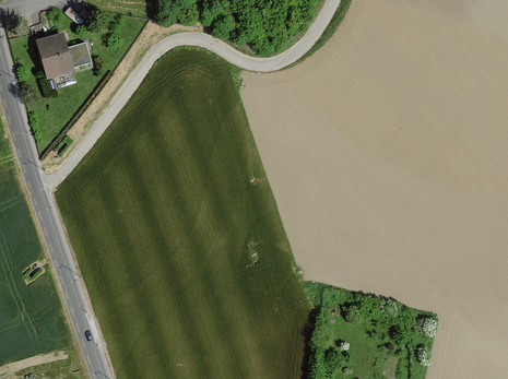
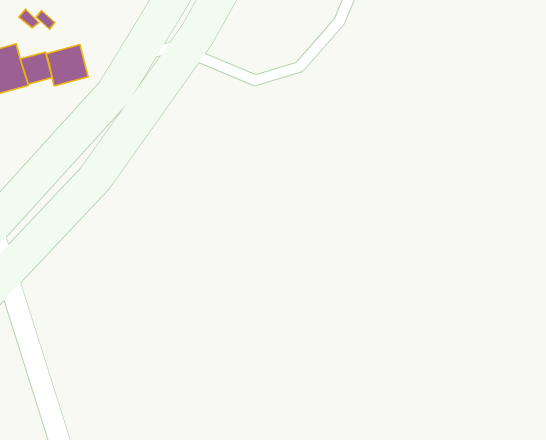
building: none -> [46,45,88,86]

